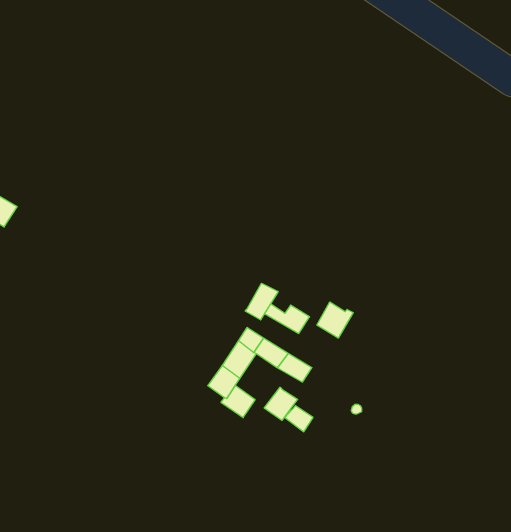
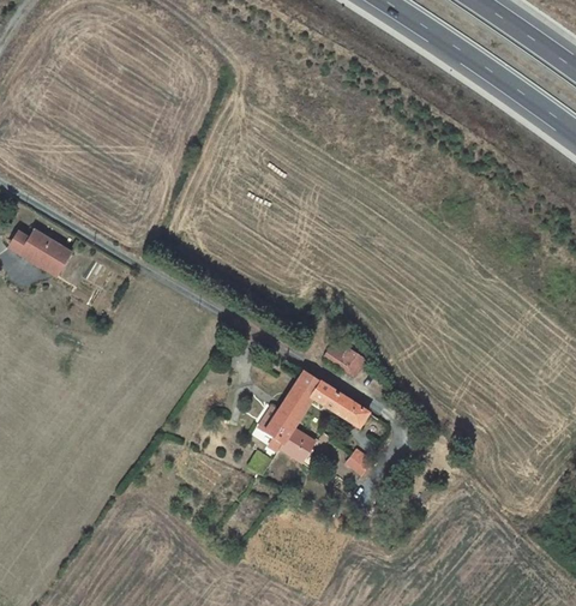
building: [245,283,278,320] -> none
building: [317,302,353,338] -> none
building: [264,387,298,420] -> none

